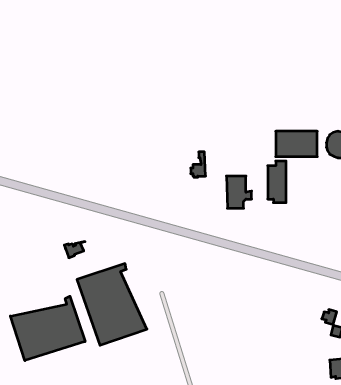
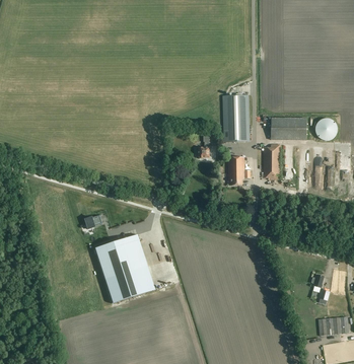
building: none -> [223,94,251,141]
building: [10,296,85,361] -> none

